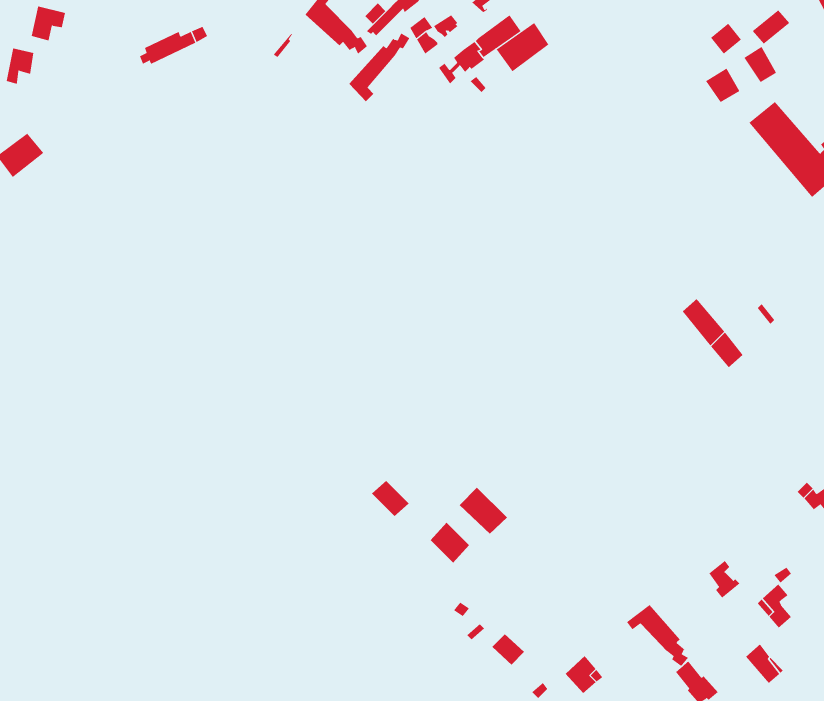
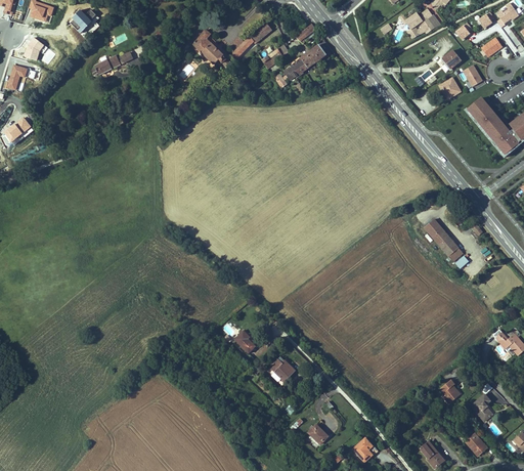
building: [496,22,549,72] -> none
building: [349,33,410,102] -> none
building: [459,487,508,534] -> none
building: [626,604,689,667] -> none

